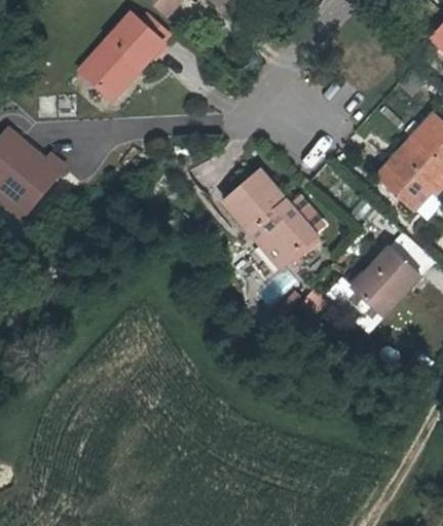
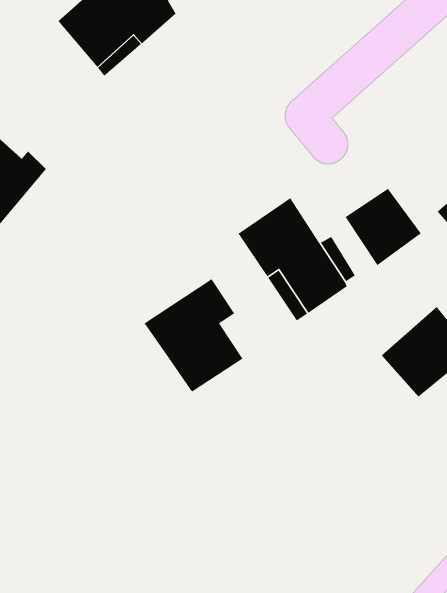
building: none -> [344,188,422,266]
building: none -> [143,278,244,392]

